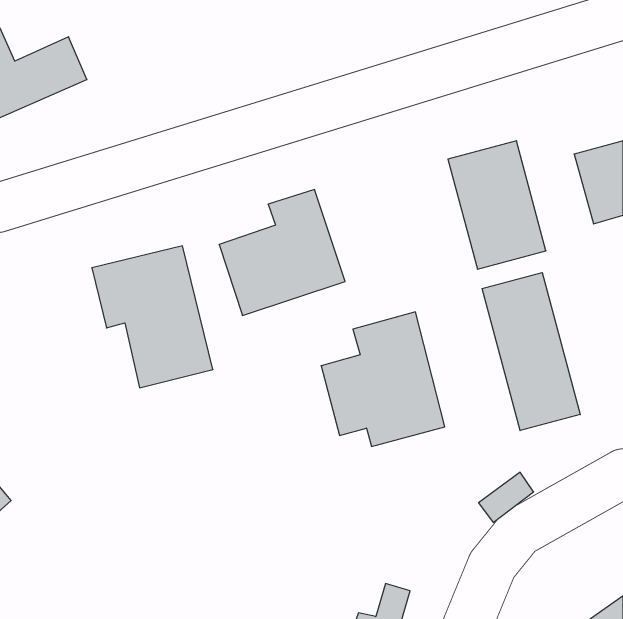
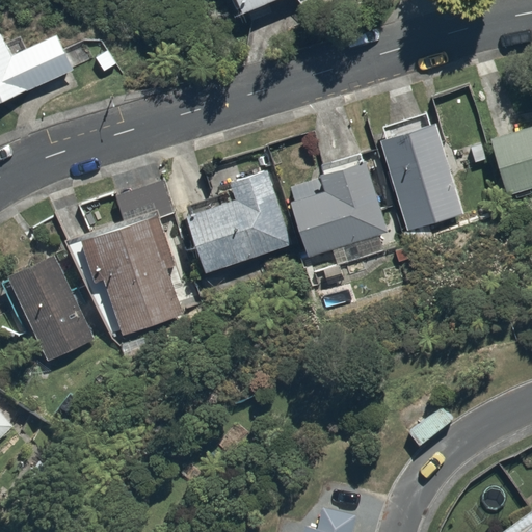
building: [482,273,580,431] -> none
building: none -> [7,255,92,362]
building: [321,312,445,446] -> [290,153,395,267]

